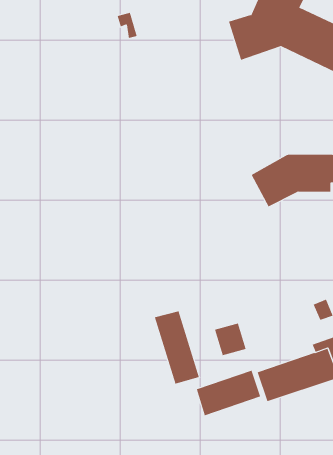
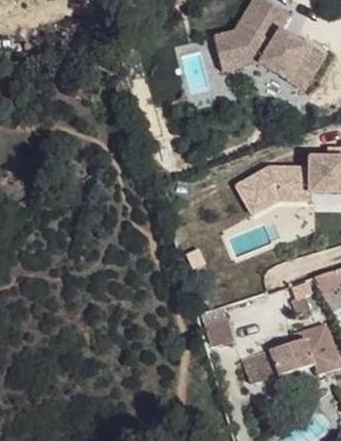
building: [154,310,199,385] -> none
building: [196,370,261,416] -> none

